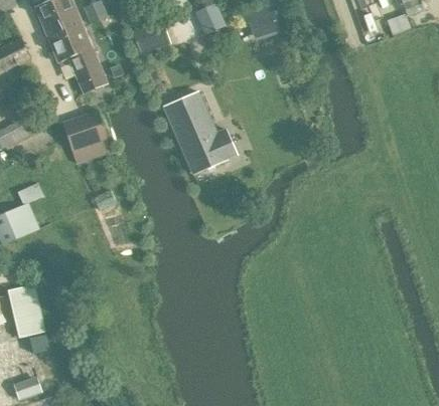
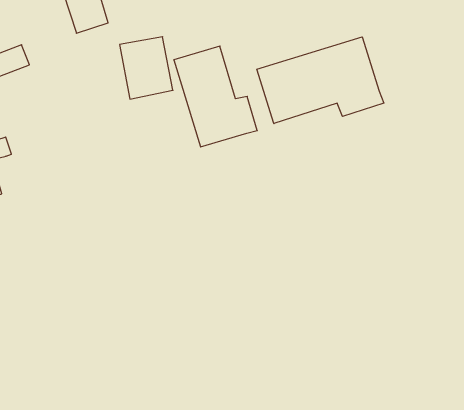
building: none -> [257,37,384,124]
building: [63,110,110,162] -> [120,37,173,99]

